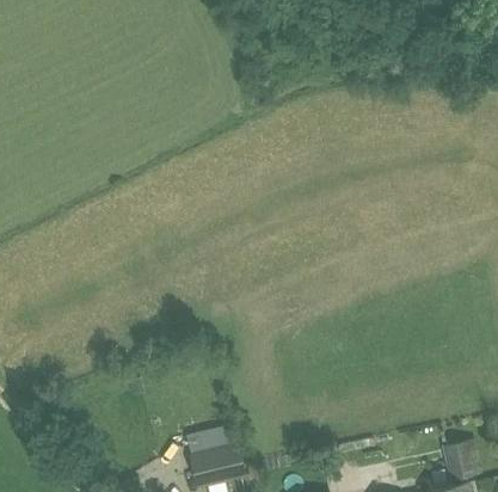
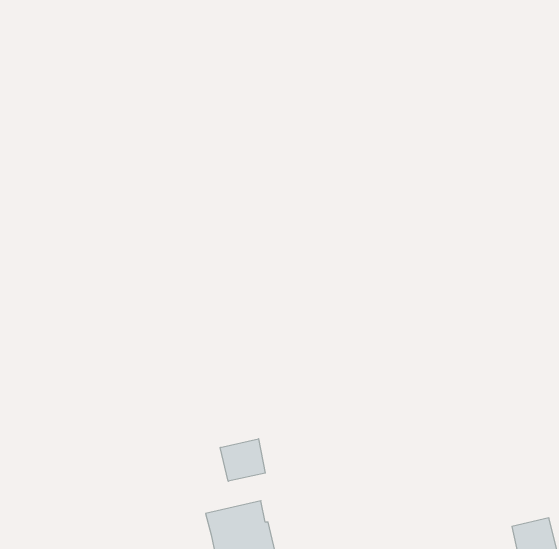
building: none -> [220,439,265,481]

